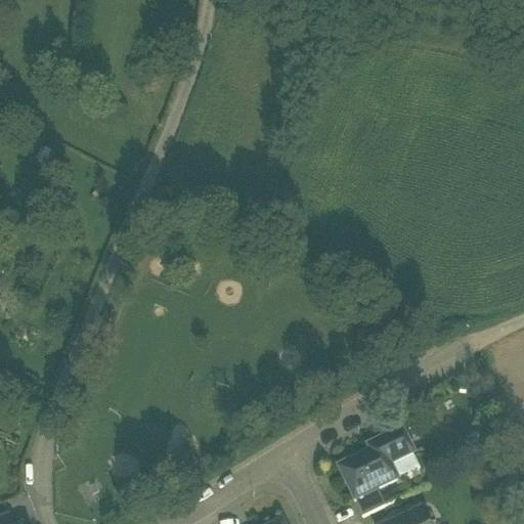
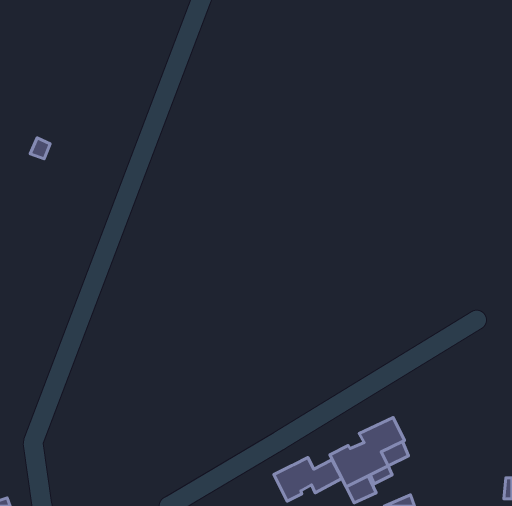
building: none -> [274,457,342,501]

